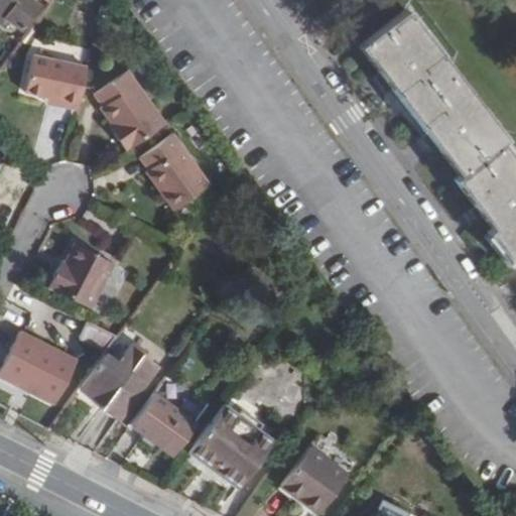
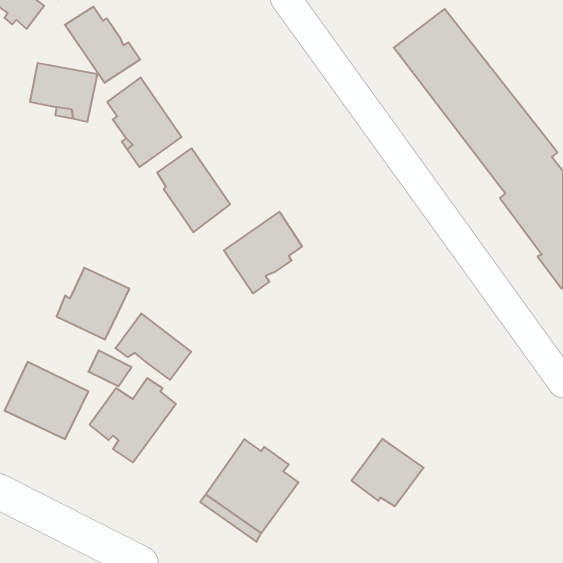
building: none -> [65,7,140,83]
building: none -> [224,212,302,293]
building: none -> [115,313,191,380]
building: [132,390,197,454] -> none
building: [281,446,347,508] -> [352,439,424,506]

